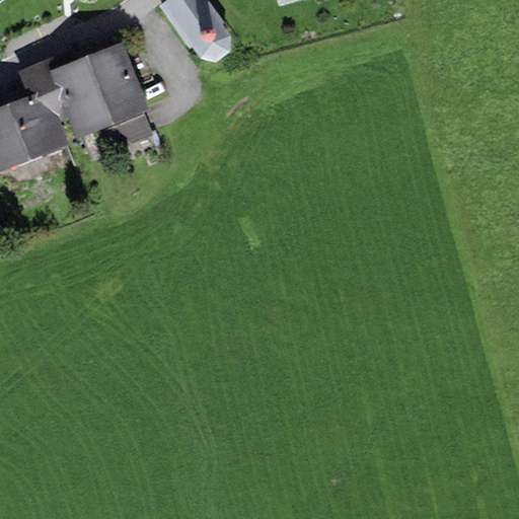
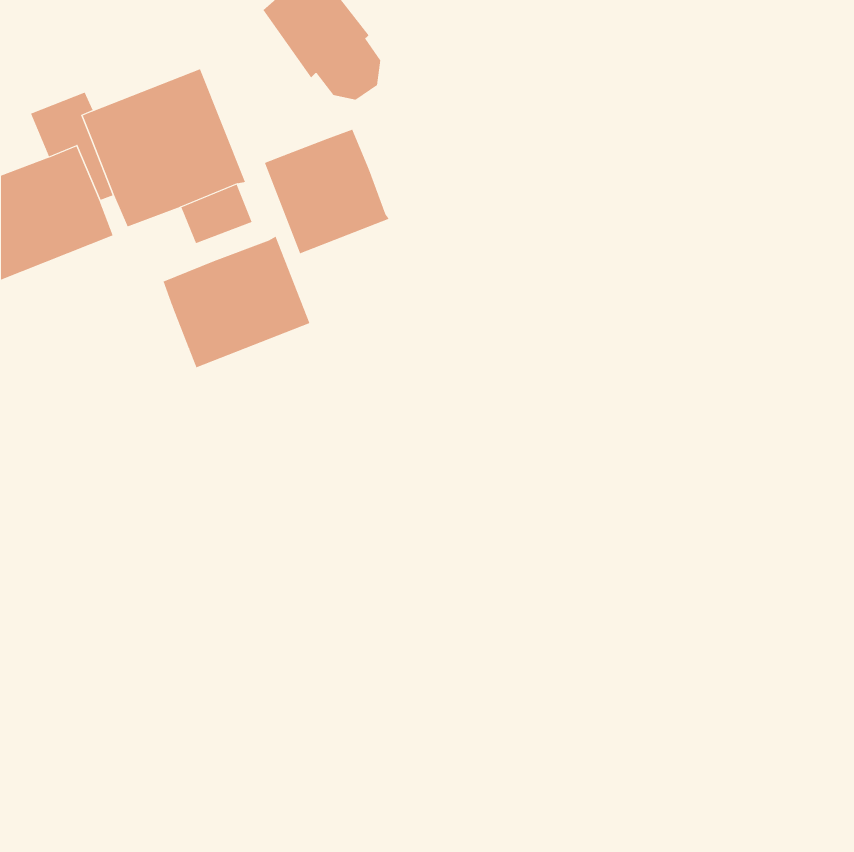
building: none -> [264,129,389,254]
building: none -> [163,236,310,368]

